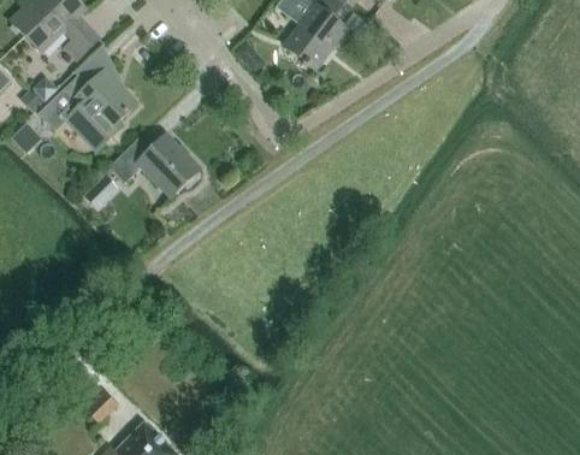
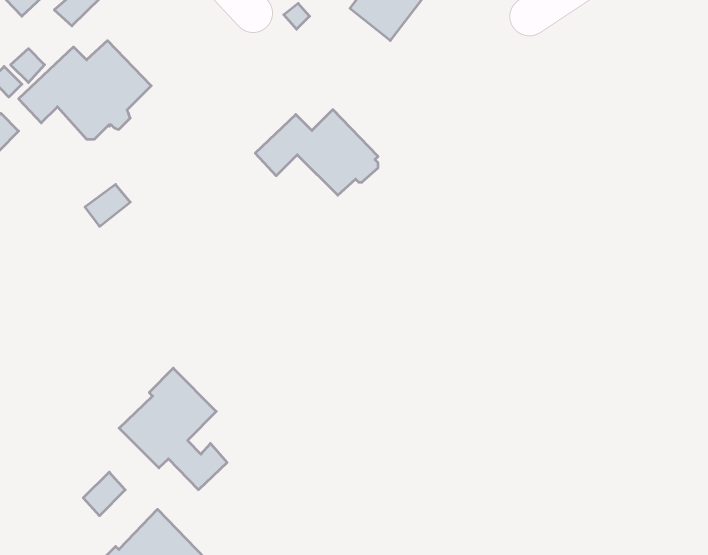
building: [110,134,201,197] -> [255,110,378,195]
building: none -> [119,368,227,490]

